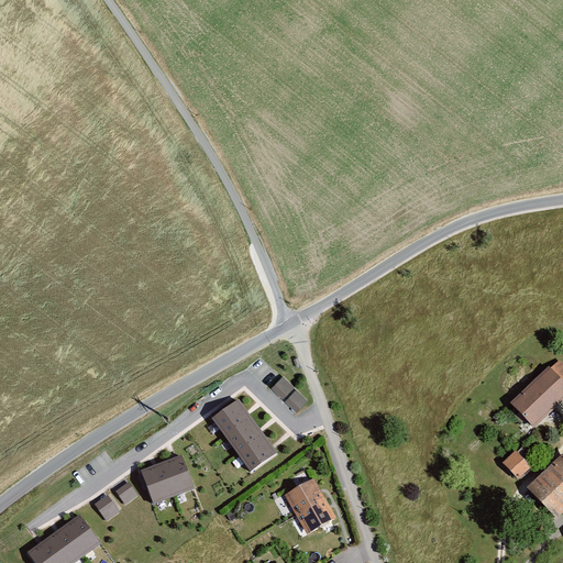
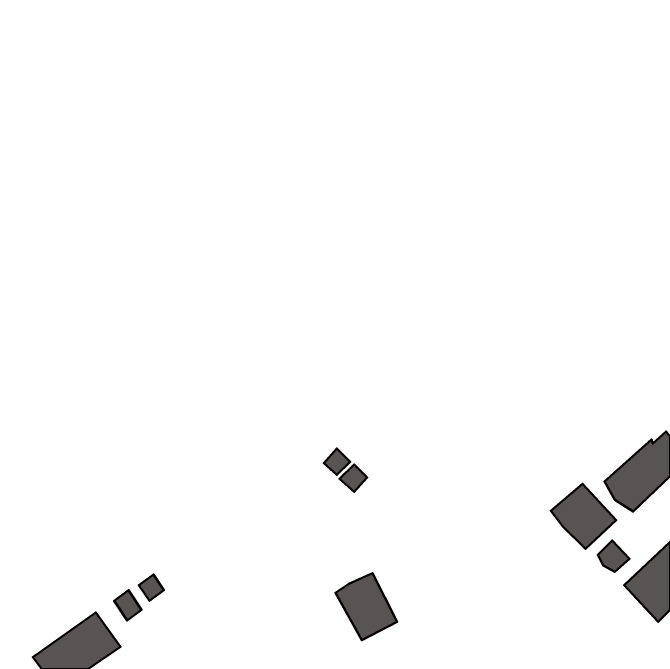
building: [213,398,276,470] -> none
building: none -> [551,484,616,549]
building: [142,455,195,503] -> none

